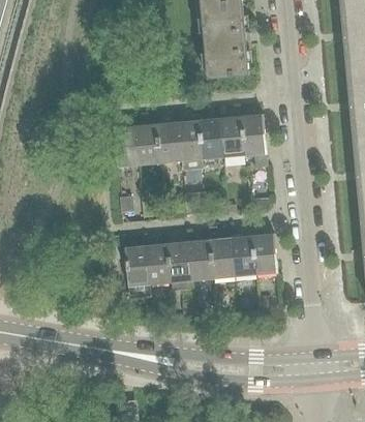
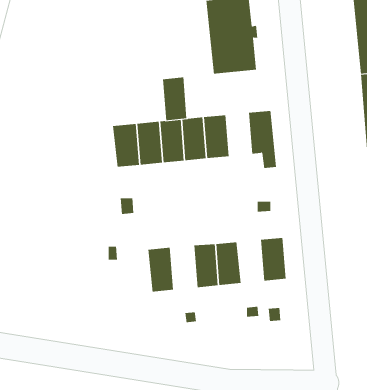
building: [220,116,244,157] -> [162,77,187,121]
building: [231,236,255,277] -> none
building: [168,241,193,292] -> none
building: [124,245,150,288] -> none

